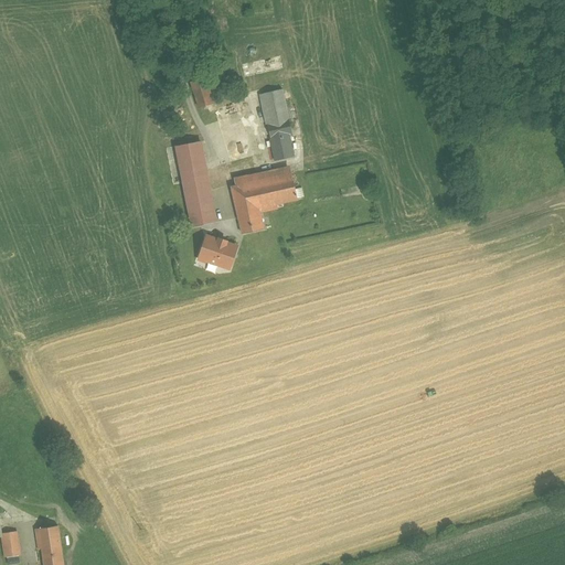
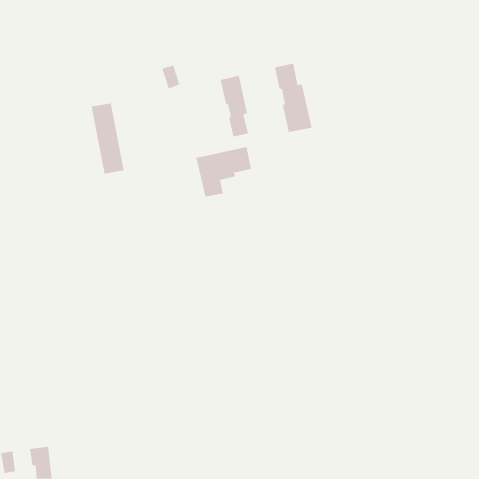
building: none -> [274,63,312,133]
building: [175,141,215,225] -> [91,103,125,174]
building: [196,235,237,268] -> none

